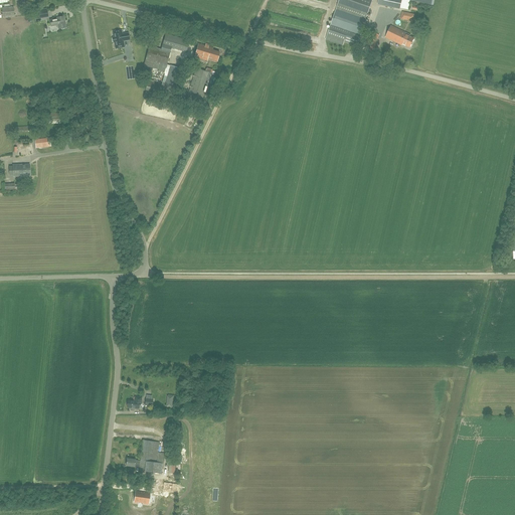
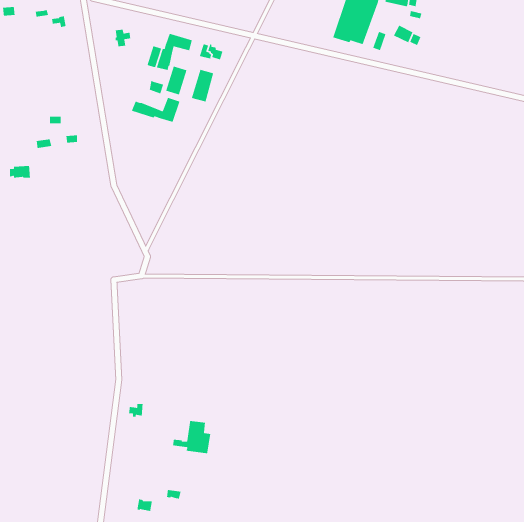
building: none -> [131,97,180,123]
building: [126,439,164,472] -> [172,420,211,454]

